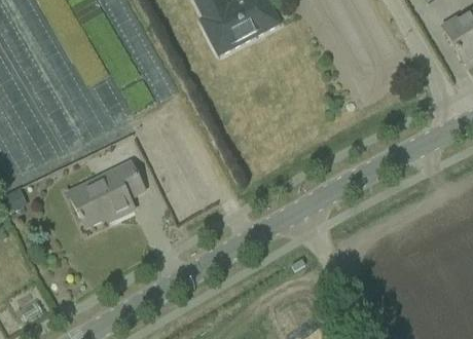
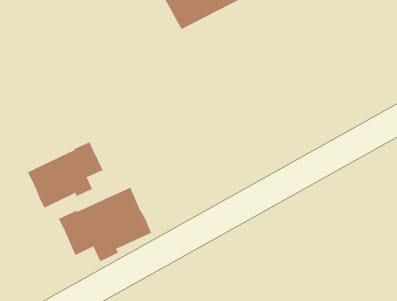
building: none -> [58,187,152,262]

